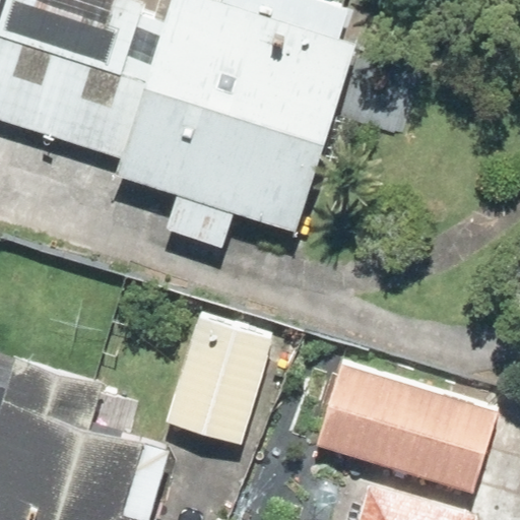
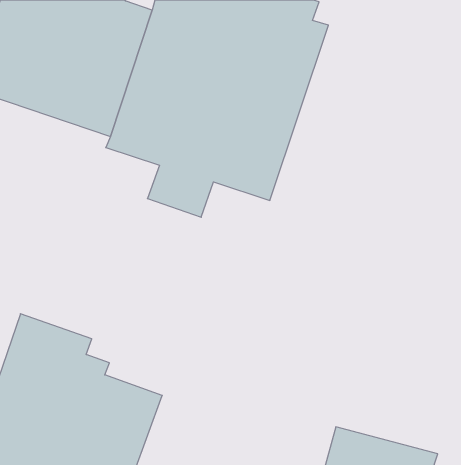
building: [167,314,272,446] -> none
building: [315,362,497,495] -> none

